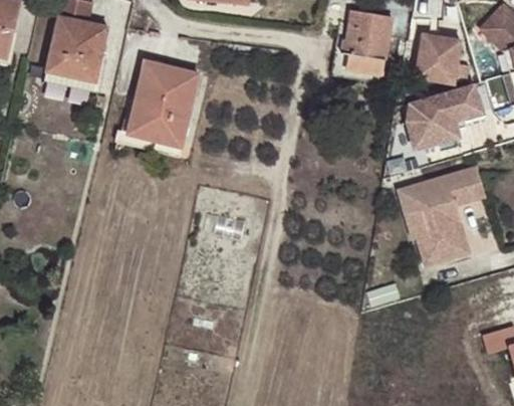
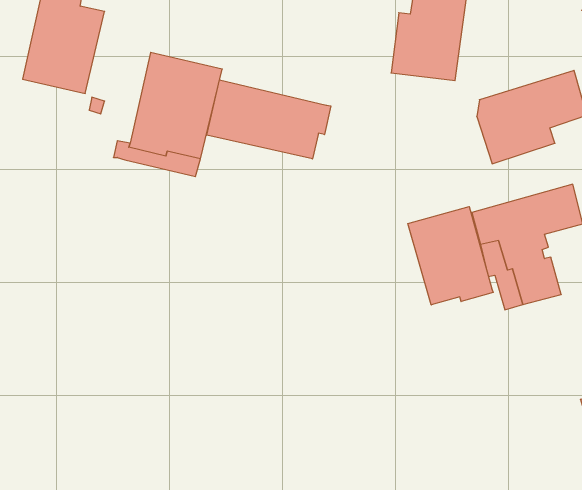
building: [415,30,460,80] -> none
building: none -> [207,80,331,159]
building: none -> [408,207,493,305]

